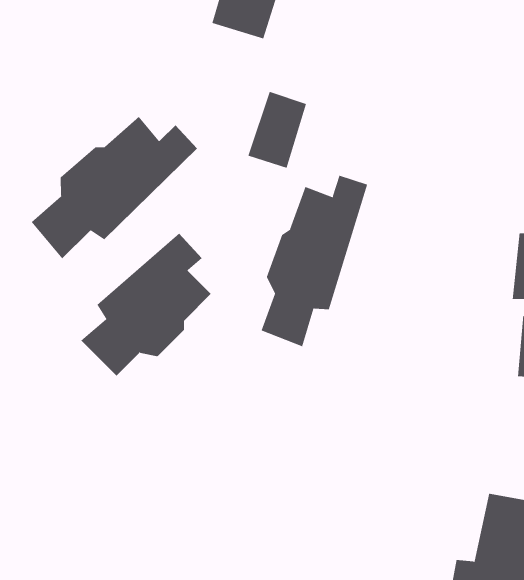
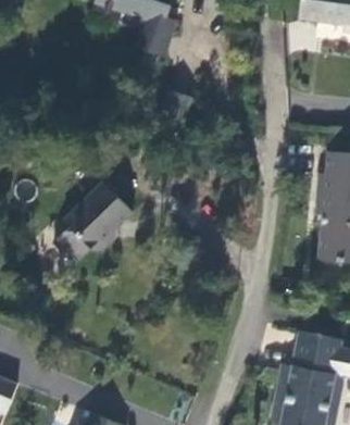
building: [31,116,198,259] -> none
building: [261,175,368,347] -> none

